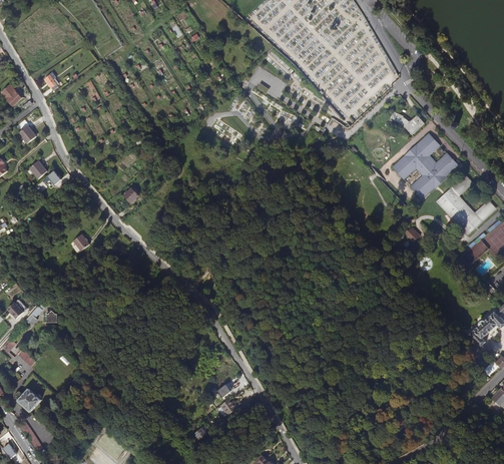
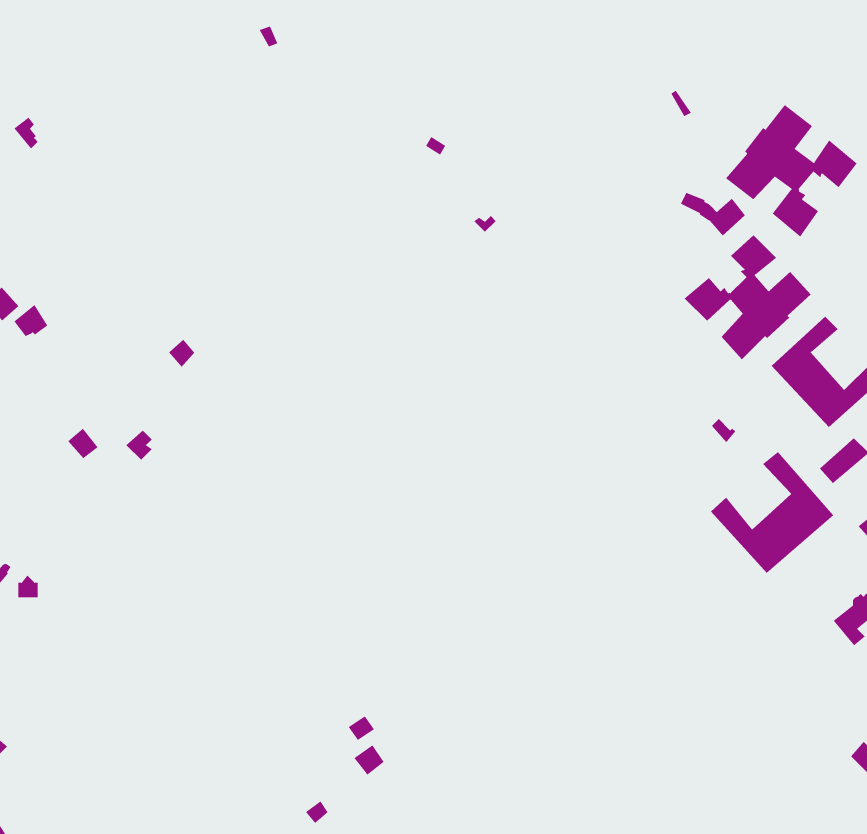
building: none -> [725,104,858,238]
building: none -> [710,451,834,574]

